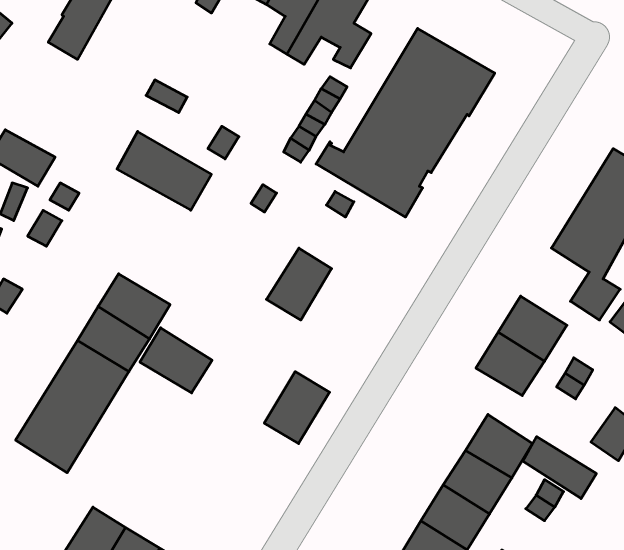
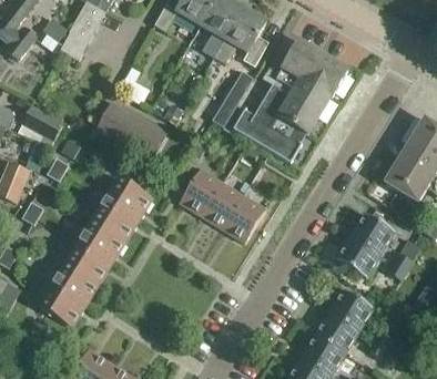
building: none -> [180,168,222,215]
building: [140,328,212,393] -> [105,176,152,218]
building: [264,372,330,444] -> [223,195,265,242]
building: [523,437,596,499] -> none

